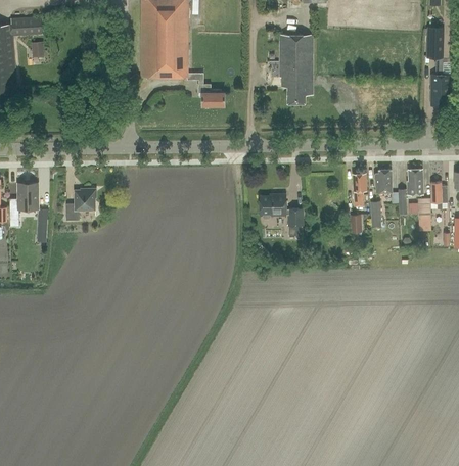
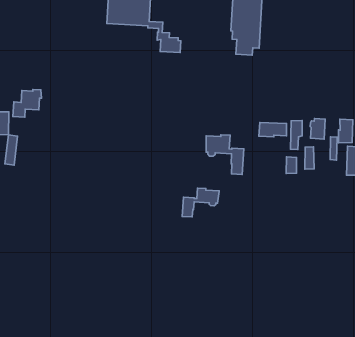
building: none -> [259,123,287,137]
building: [66,188,97,220] -> [13,89,41,117]
building: none -> [182,188,219,217]

